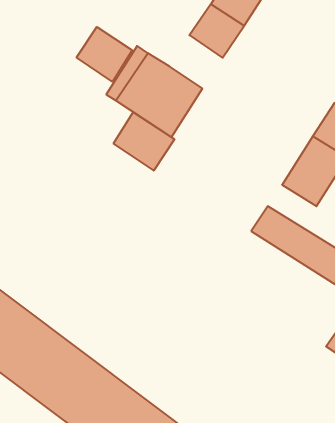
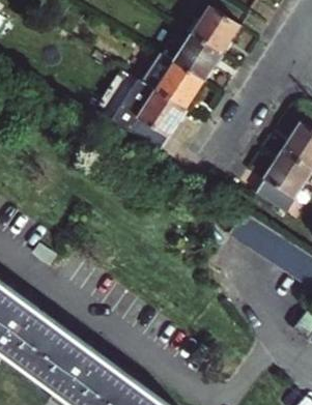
building: [77,27,132,82] -> none
building: none -> [157,62,203,109]
building: [114,112,174,171] -> none

